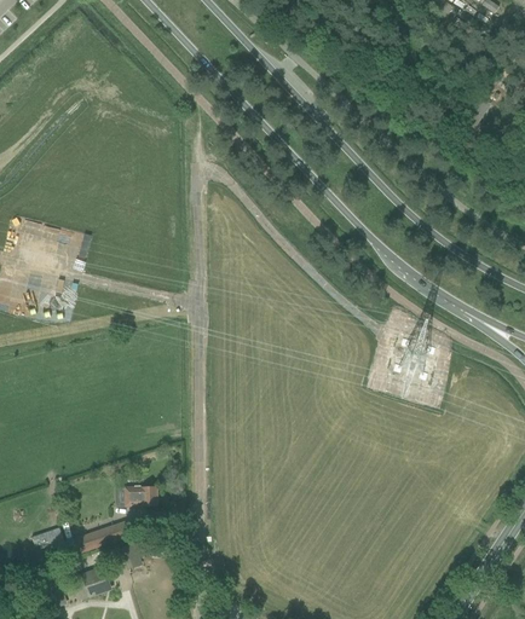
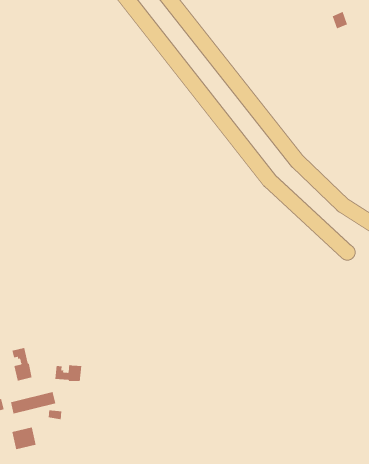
building: none -> [12,347,32,382]

